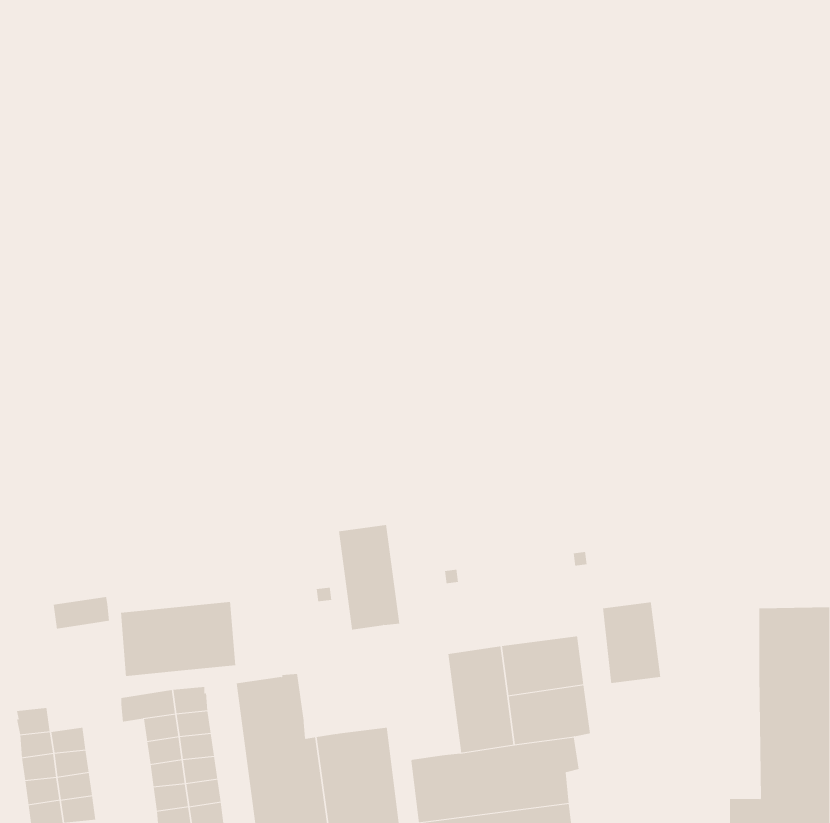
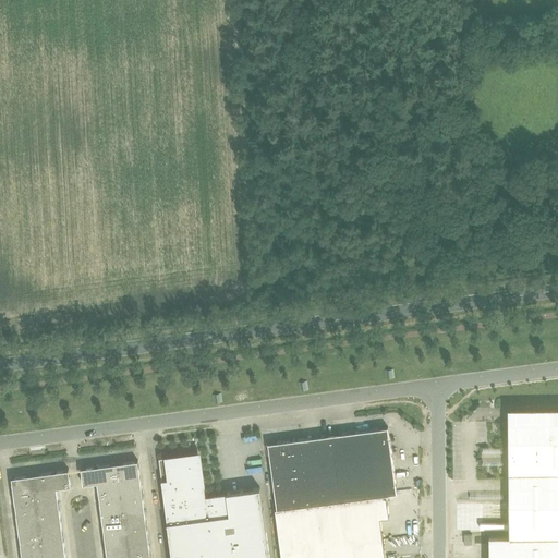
building: [338,525,400,630] -> [267,444,308,514]
building: [53,597,110,629] -> [32,474,70,496]
building: [120,601,236,677] -> none
building: [603,602,661,684] -> none

